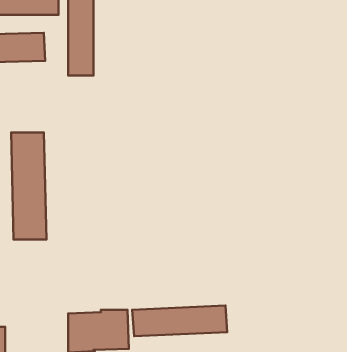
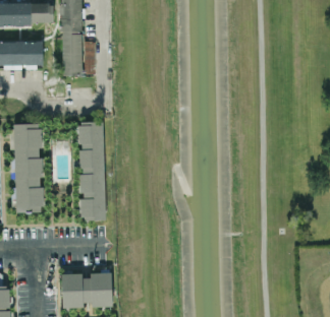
building: none -> [77,122,105,220]
building: [132,306,227,336] -> none

